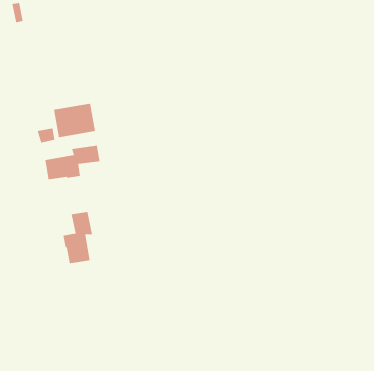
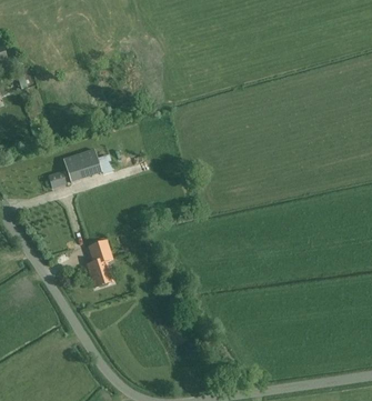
building: [45,145,100,180] -> none

